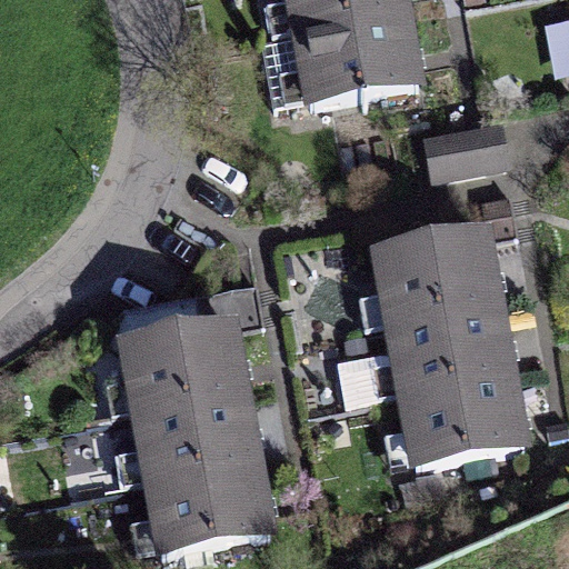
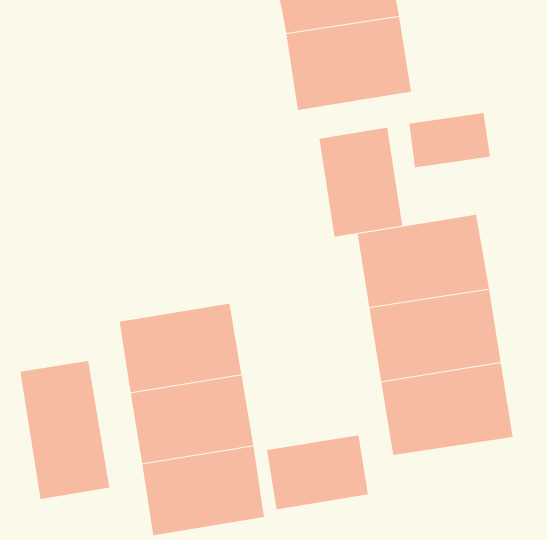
building: none -> [319,127,403,238]
building: none -> [20,360,110,500]
building: none -> [267,435,369,510]

